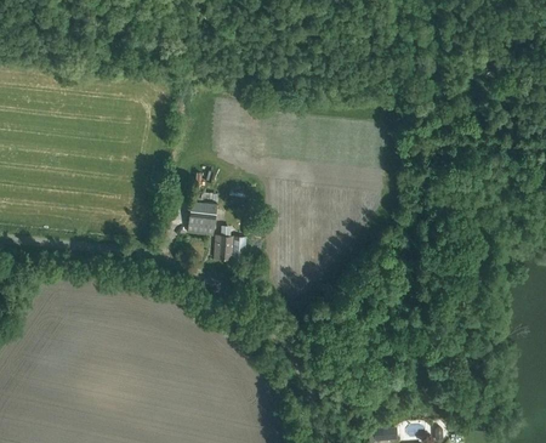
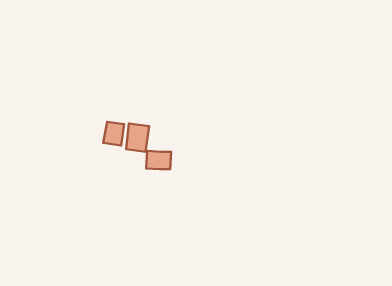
building: none -> [103,122,124,145]

